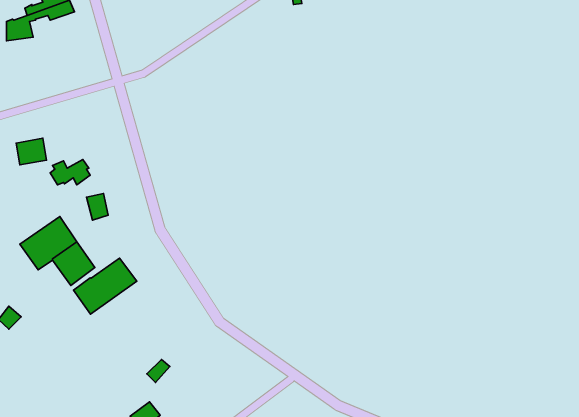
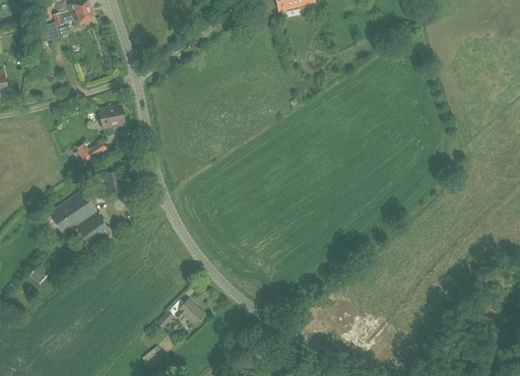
building: [16,138,47,165] -> [100,105,125,127]
building: [74,258,137,314] -> none
building: none -> [174,297,205,323]

